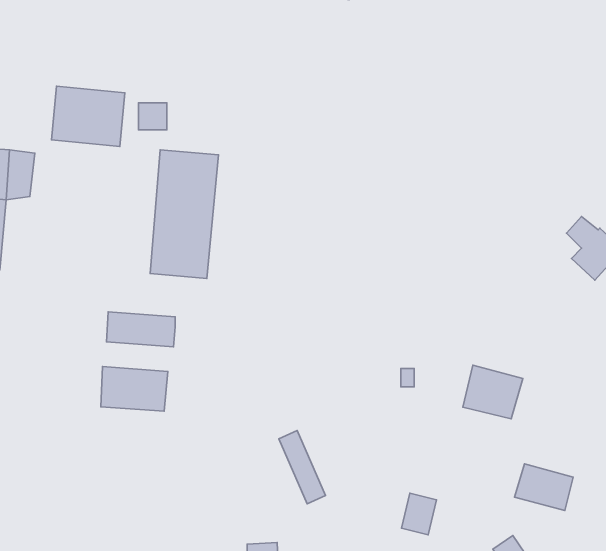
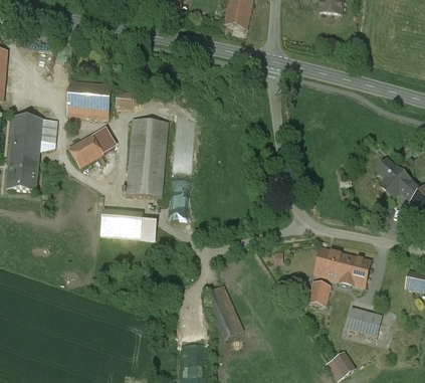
building: none -> [68,129,114,167]
building: [101,366,168,411] -> none
building: none -> [344,256,370,285]
building: [402,493,437,535] -> [308,280,330,306]

